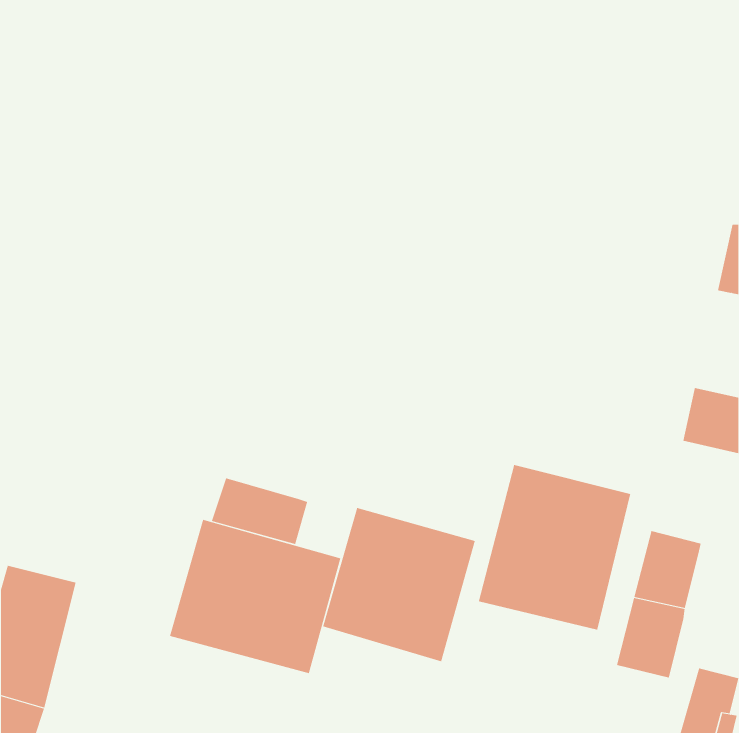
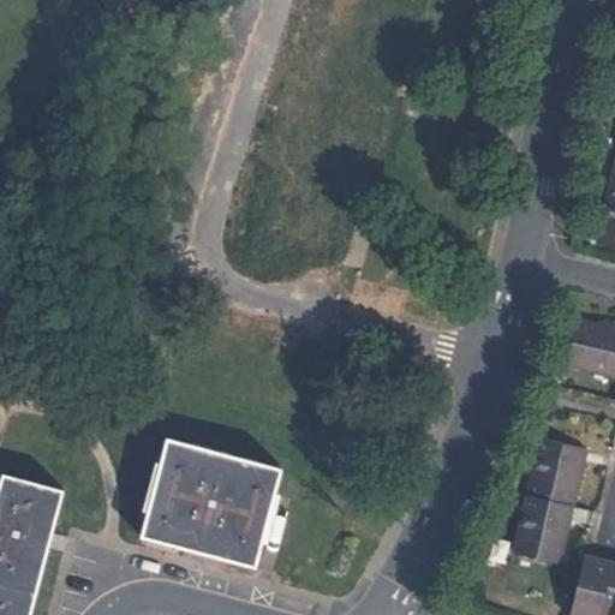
building: [478,464,631,630] -> none
building: [211,478,308,545] -> none
building: [322,507,475,662] -> none

